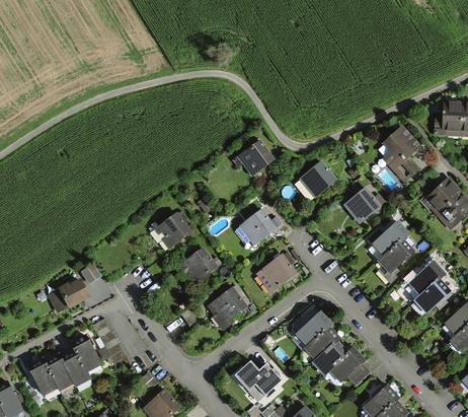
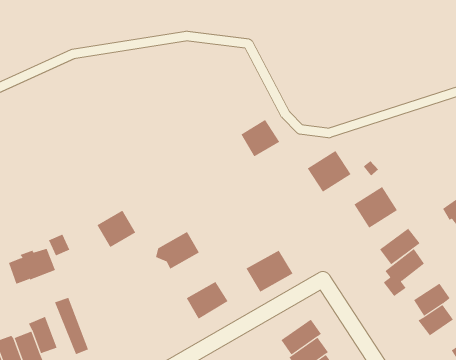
building: [383,125,421,182] -> none
building: [239,209,283,247] -> none
building: [154,212,189,247] -> [97,210,136,248]

